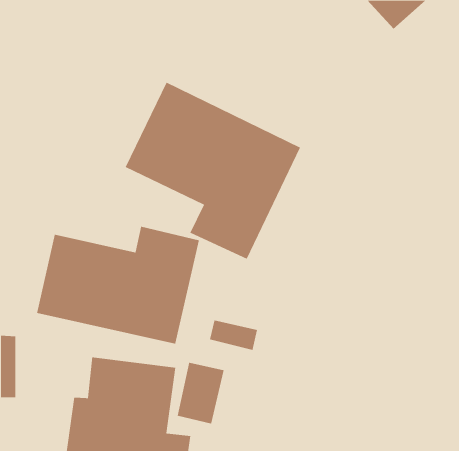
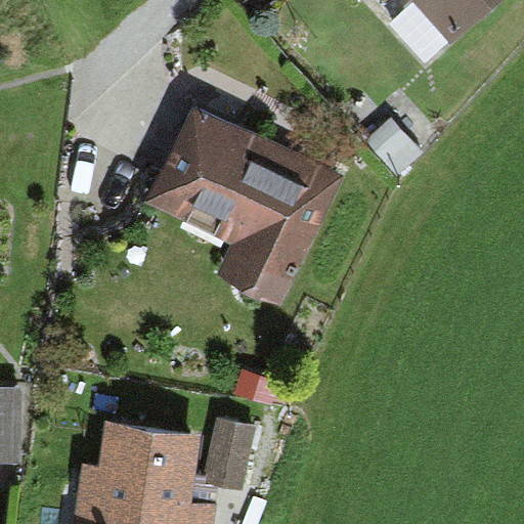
building: [37,226,200,345] -> none

